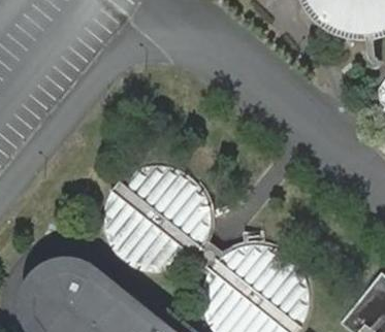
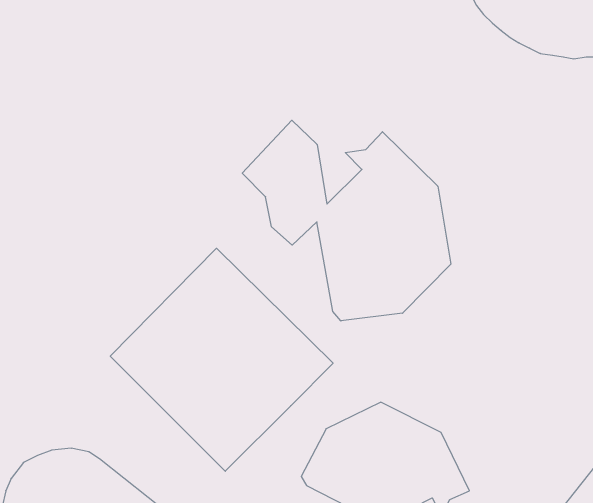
building: none -> [242,120,451,321]

